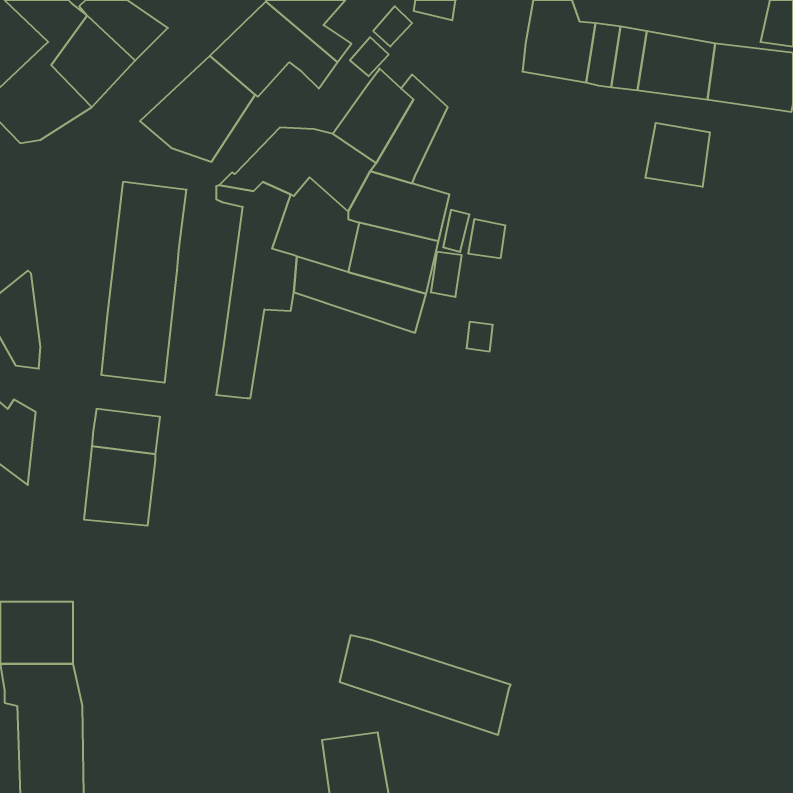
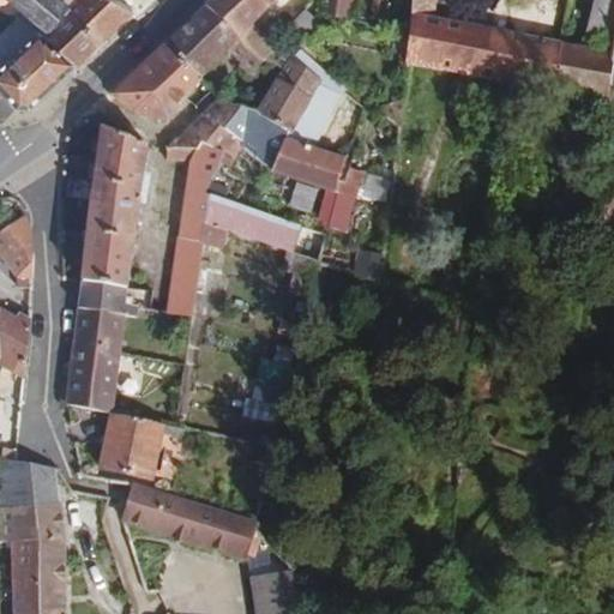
building: [645,123,710,187] -> none
building: none -> [74,290,127,323]
building: none -> [103,416,165,480]
building: [340,635,511,735] -> [124,483,255,560]

